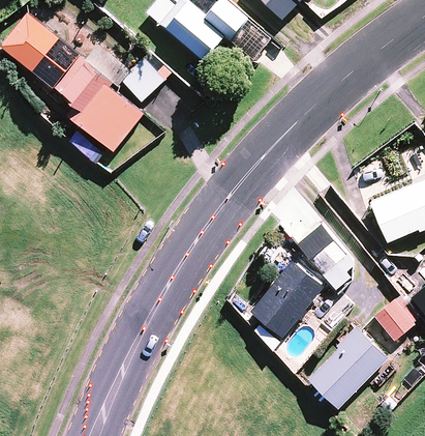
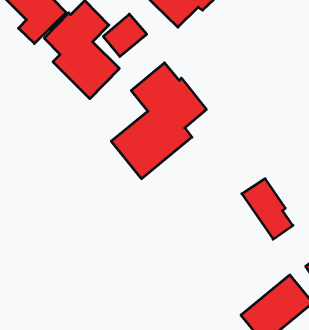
building: none -> [111,63,206,179]
building: [249,259,324,337] -> none

